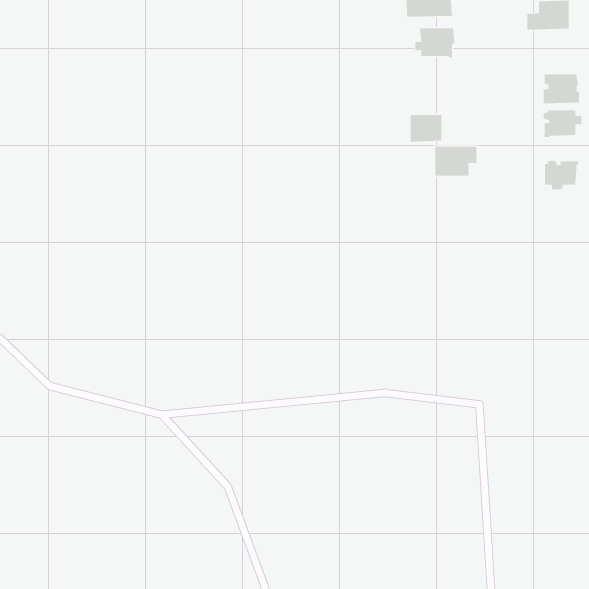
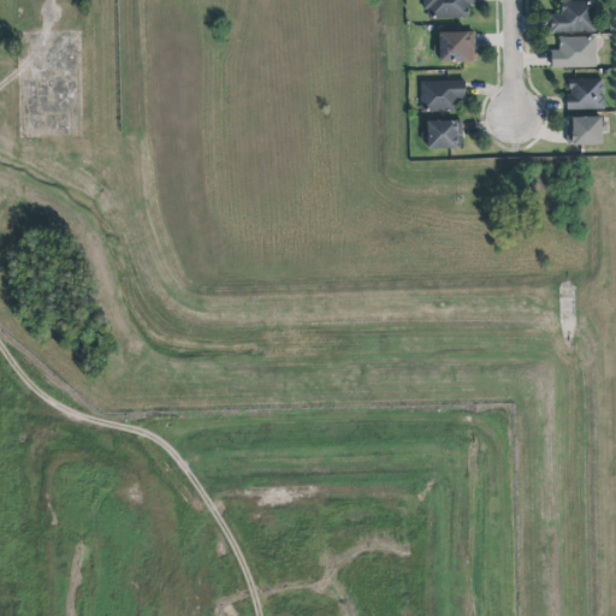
building: none -> [551,35,597,67]
building: [434,146,477,176] -> [421,79,466,111]
building: [545,160,578,190] -> none

